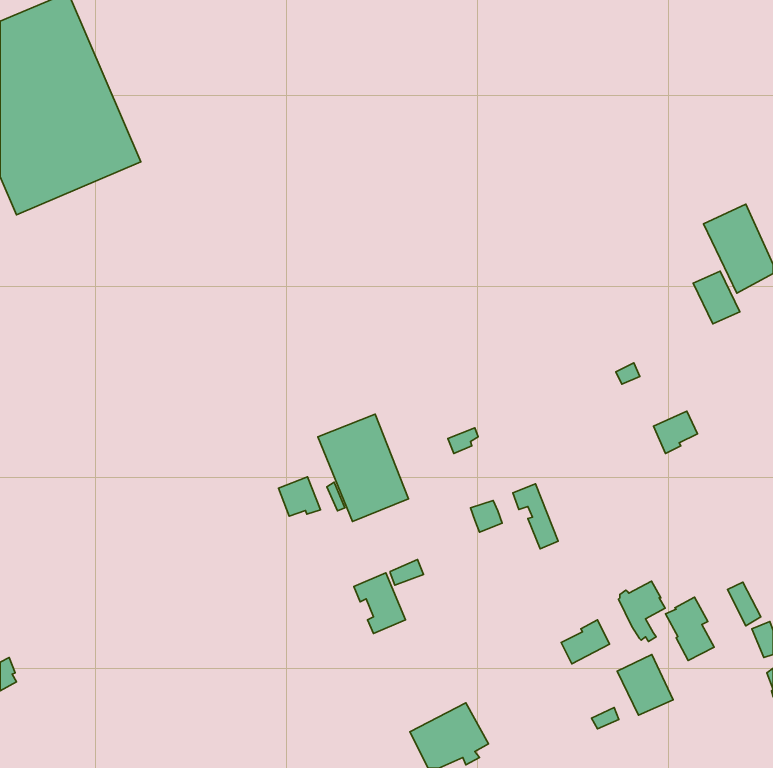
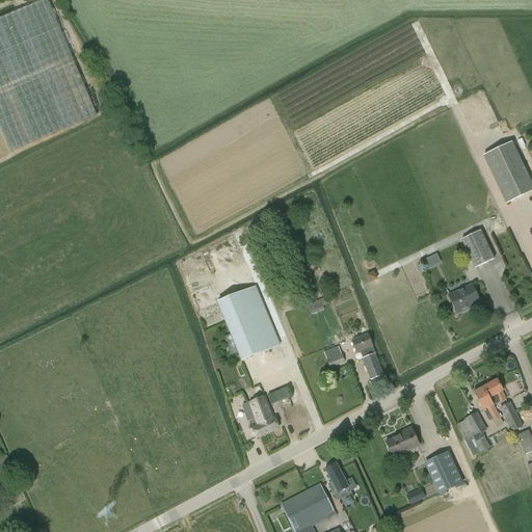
building: [693,271,740,324] -> [461,229,494,265]
building: [278,477,321,516] -> none
building: [618,581,665,642] -> [474,377,506,419]
building: none -> [325,461,356,498]

